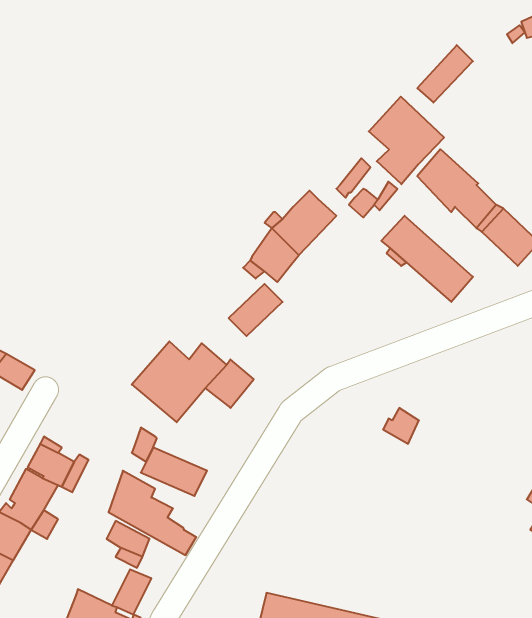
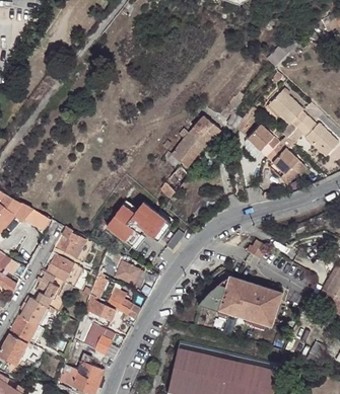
building: [369,97,444,184] -> none
building: none -> [54,228,83,258]
building: none -> [201,274,283,325]

